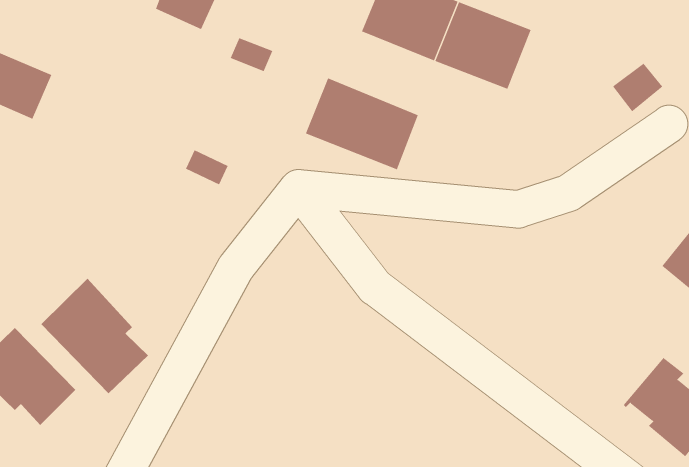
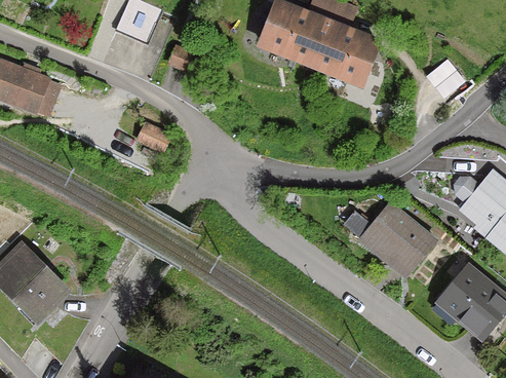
building: [305,78,419,170] -> none
building: none -> [360,202,434,269]
building: [40,278,149,394] -> none

